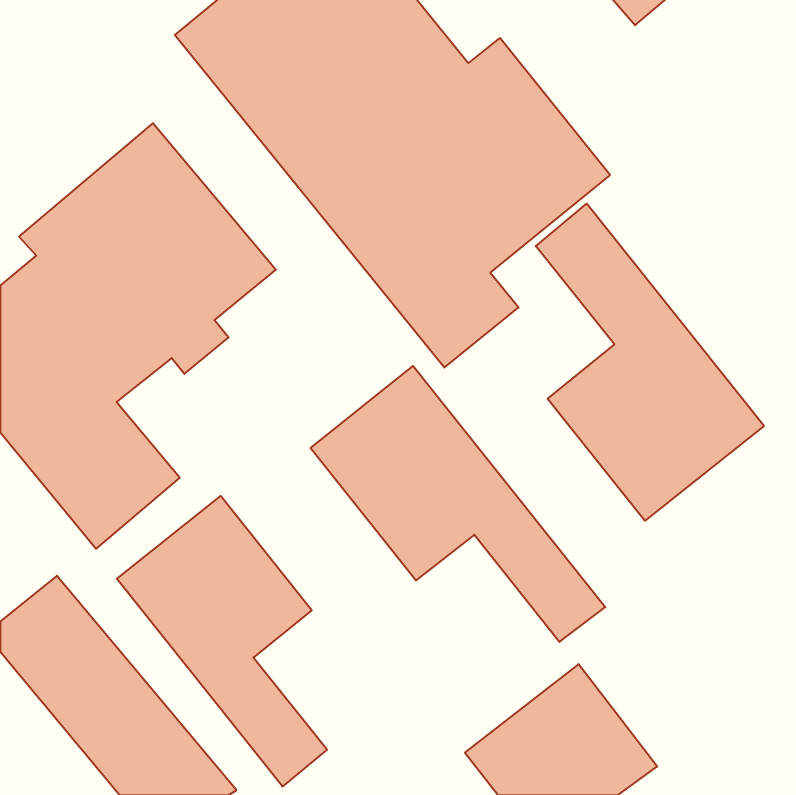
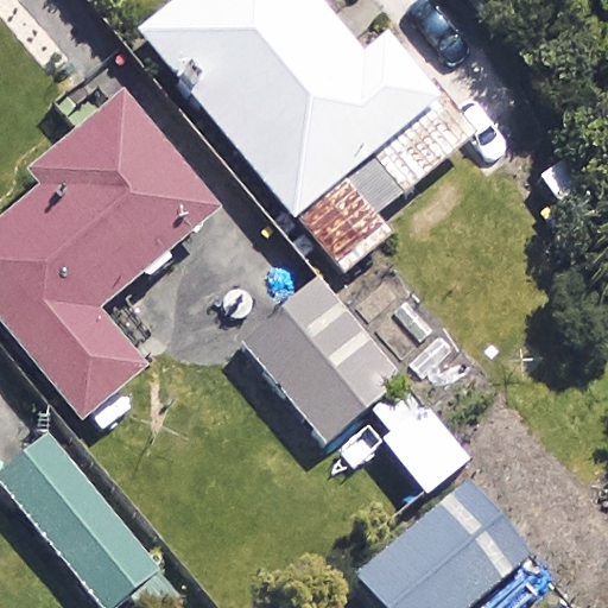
building: [536,204,764,521] -> none
building: [117,496,327,787] -> none

